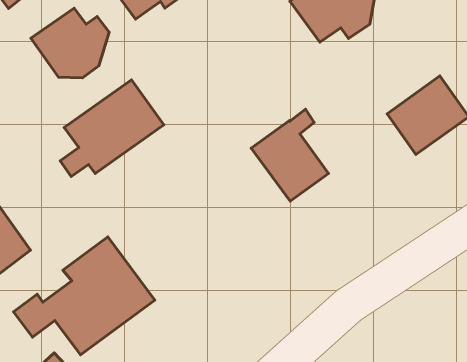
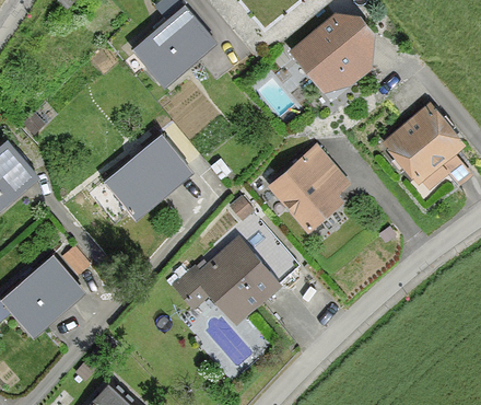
building: [31,8,109,78] -> none
building: [13,237,155,355] -> [175,213,298,320]

